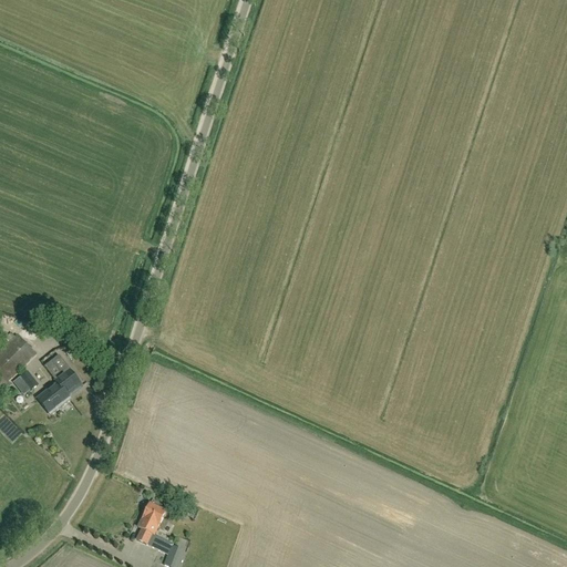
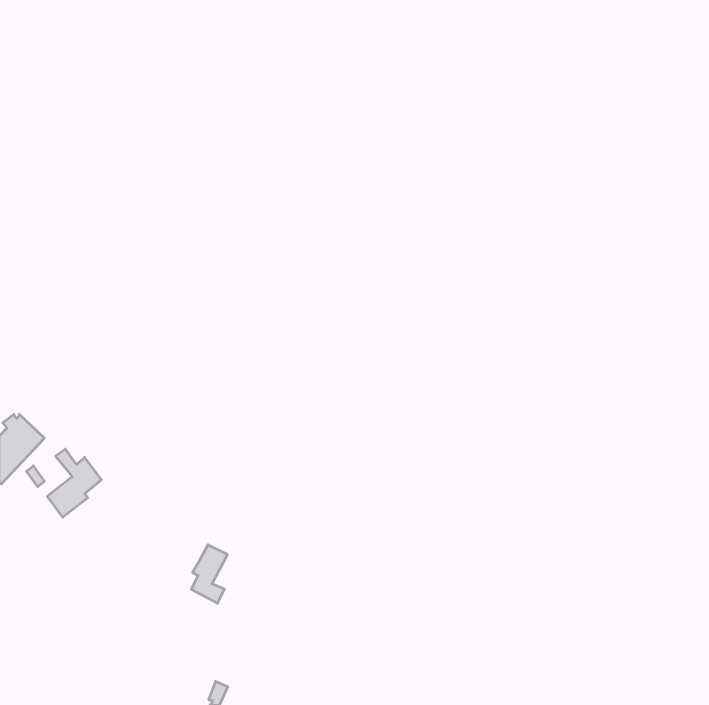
building: [136,502,165,548] -> [191,545,227,603]

